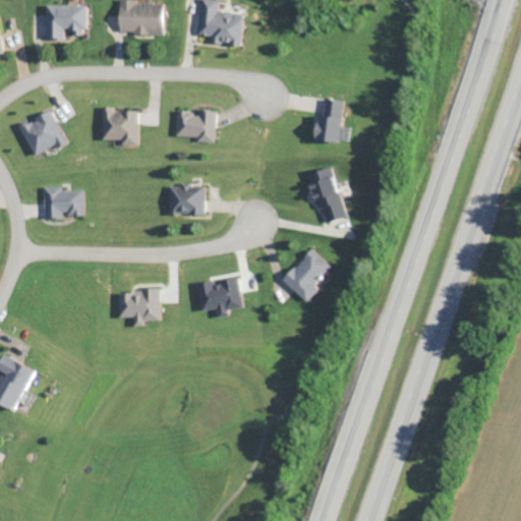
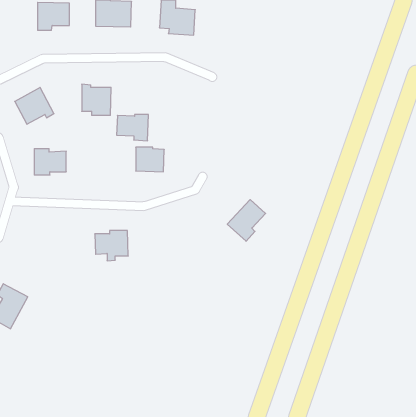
building: [314,99,349,141] -> none
building: [176,110,216,142] -> [117,115,148,141]
building: [307,166,346,224] -> none
building: [197,278,242,317] -> none

